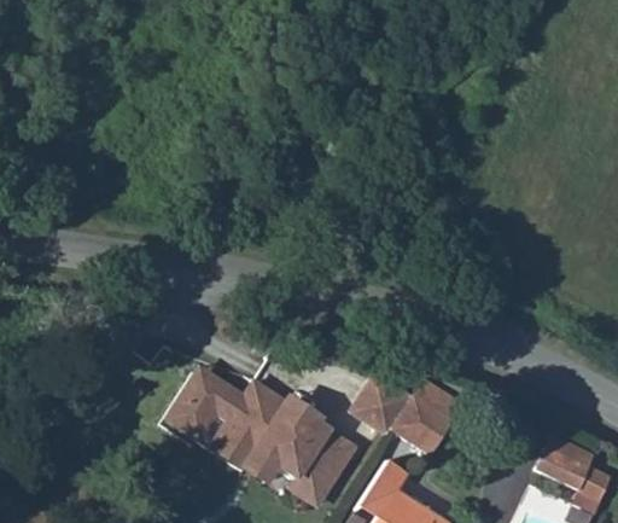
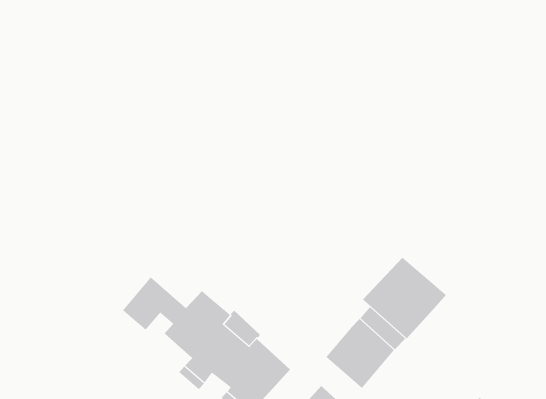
building: none -> [362,257,447,339]
building: [352,377,408,432] -> none

